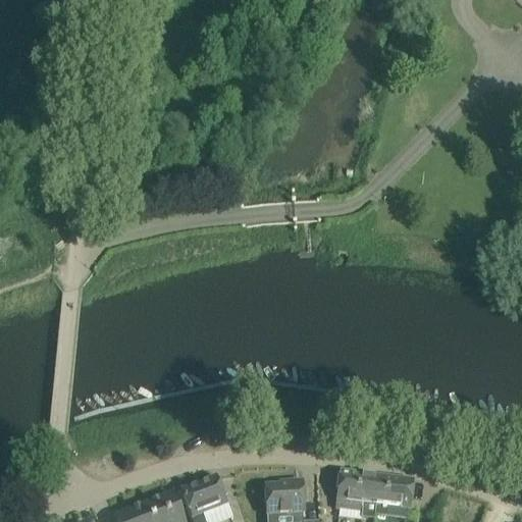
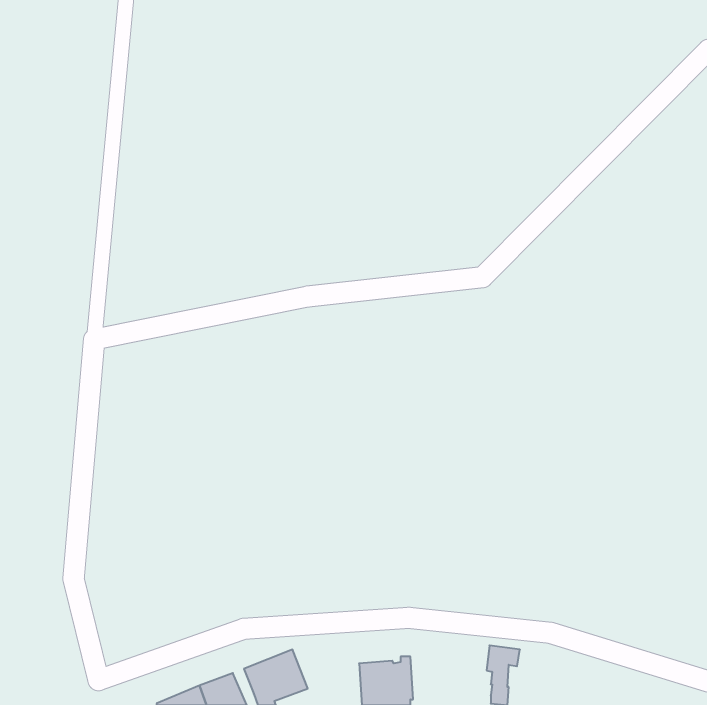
building: [335,472,363,512] -> none
building: [374,478,414,511] -> none

